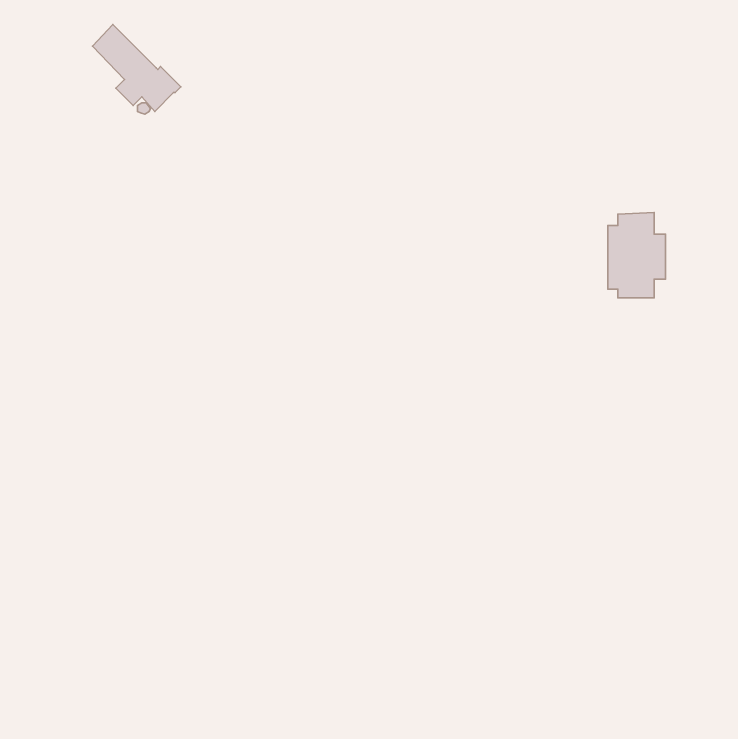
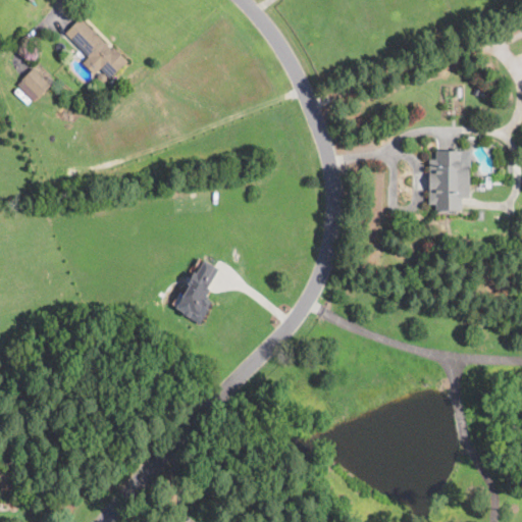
building: none -> [21,68,49,97]
building: none -> [176,260,218,317]

